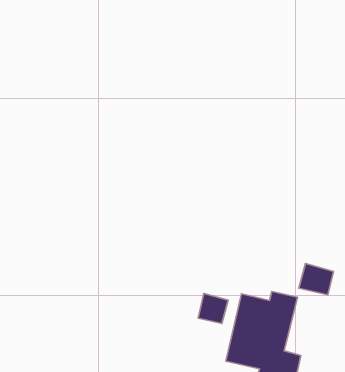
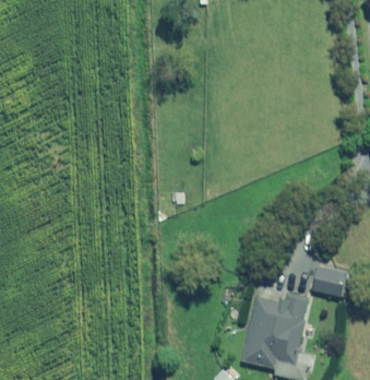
building: [198,293,228,324] -> none

